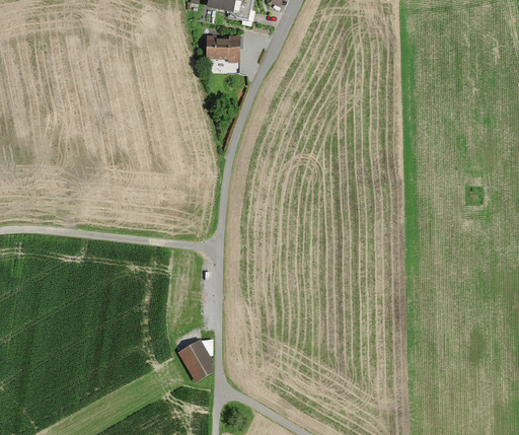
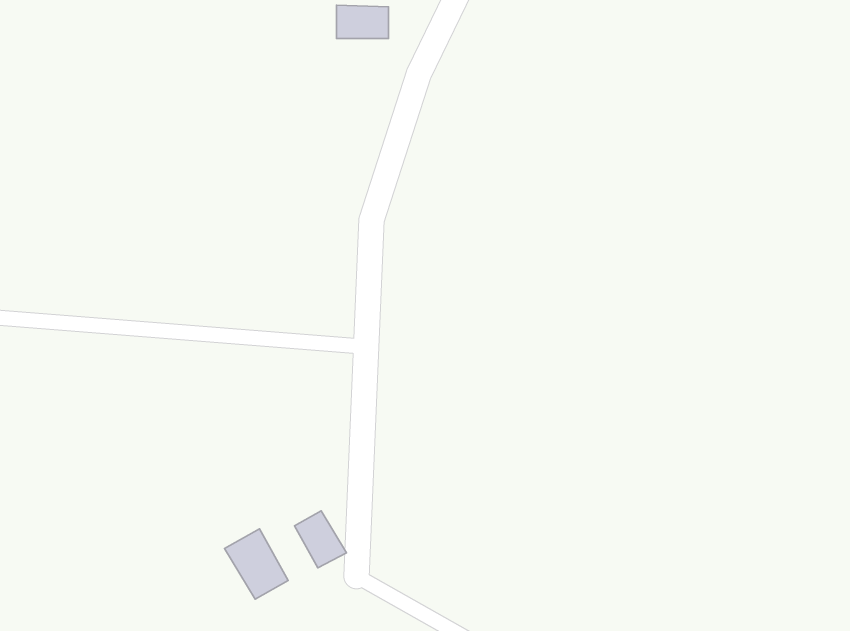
building: none -> [225,529,288,599]

